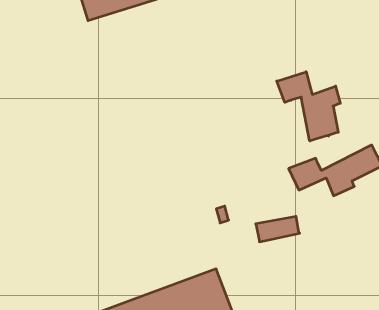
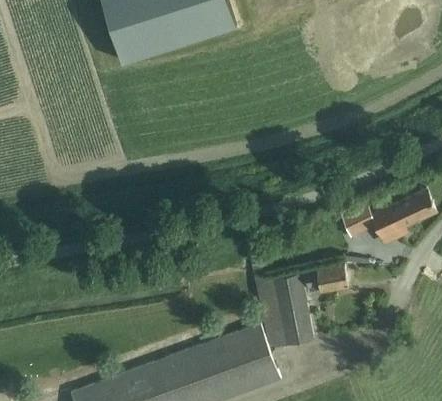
building: [277,72,340,141] -> none
building: none -> [269,276,310,347]

